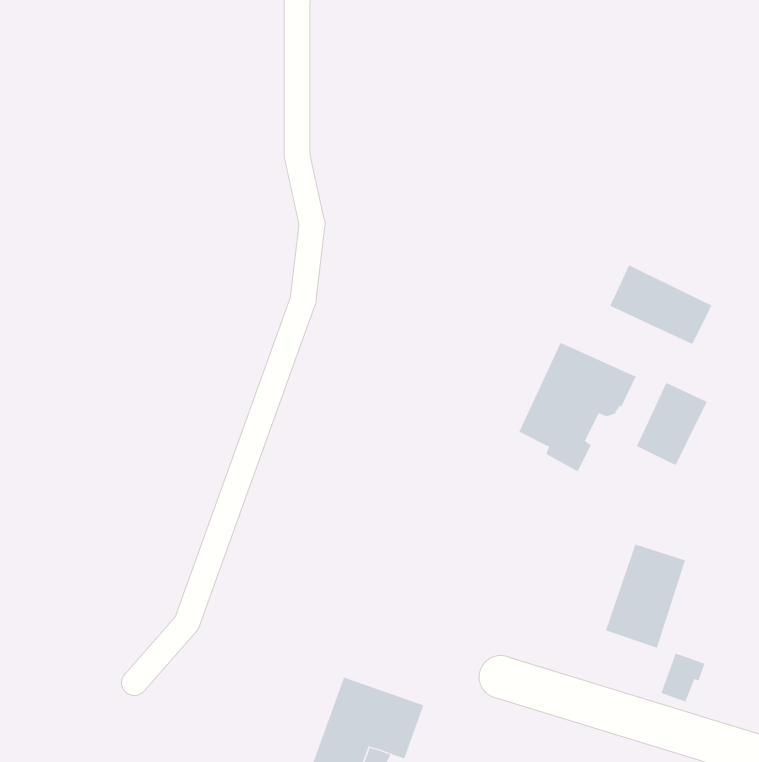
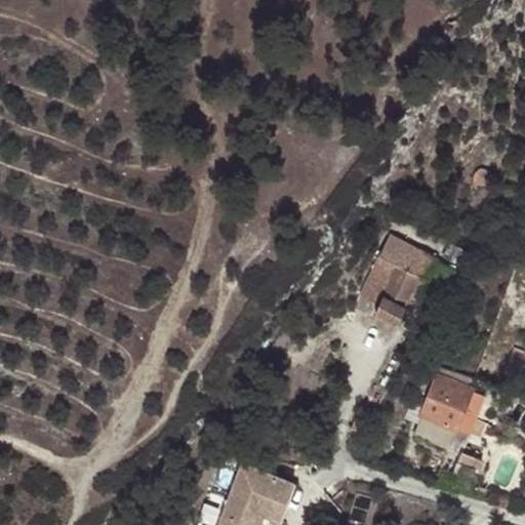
building: [609,265,712,345] -> none
building: [636,382,707,466] -> none

